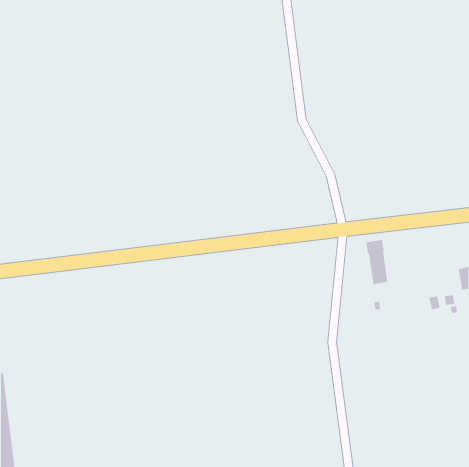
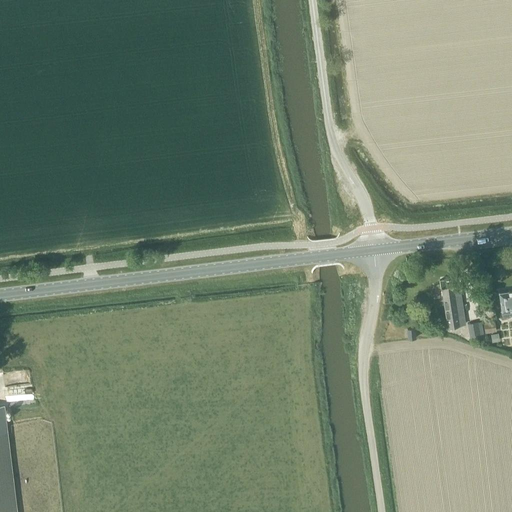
building: [365,239,388,285] -> [439,279,464,329]

